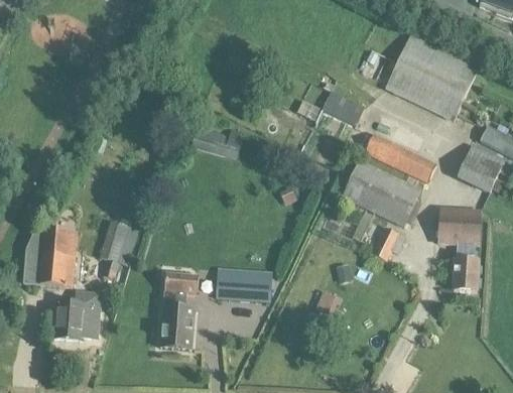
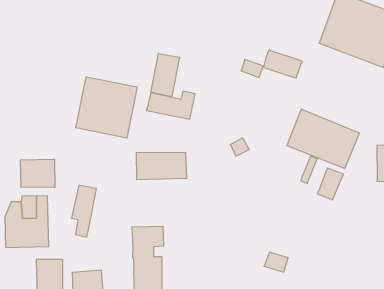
building: none -> [151,53,180,97]
building: none -> [76,77,137,138]
building: [365,132,436,182] -> none
building: none -> [21,159,55,188]
building: [216,268,272,300] -> [136,152,187,180]

